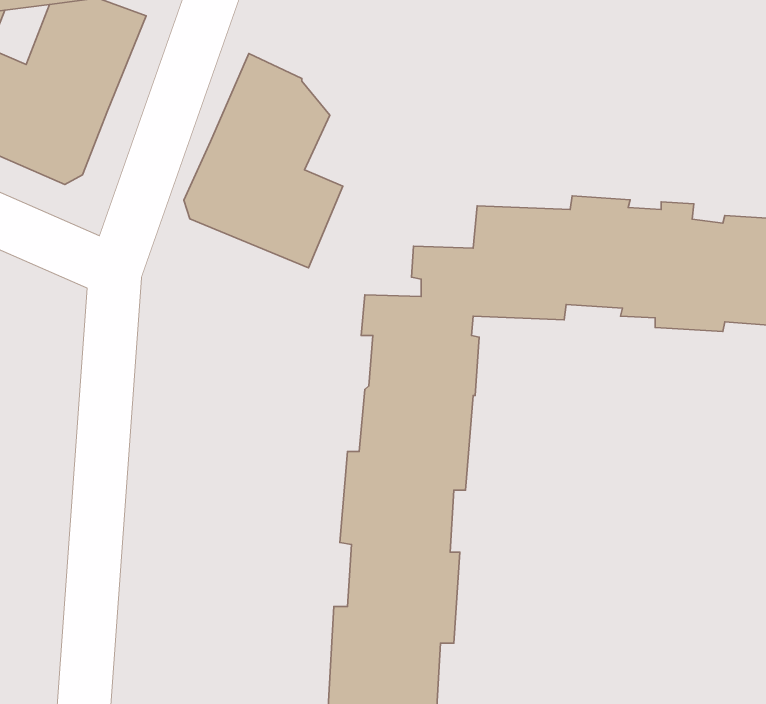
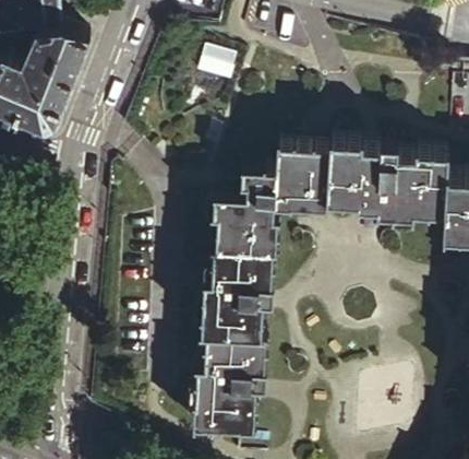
building: [184,54,343,268] -> none

